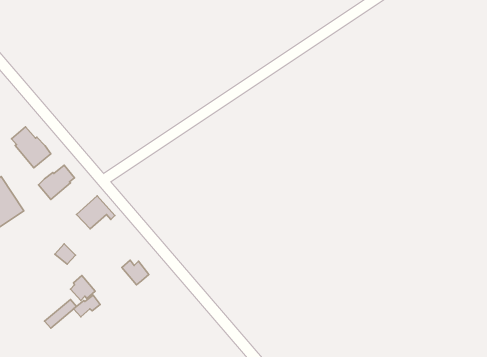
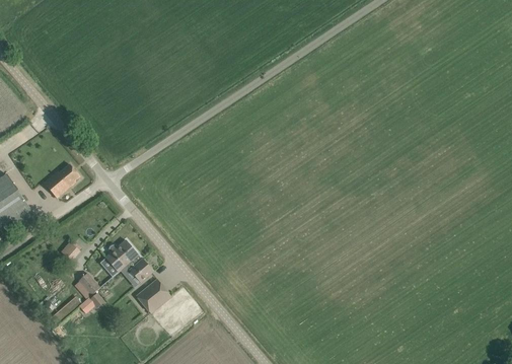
building: [11,127,51,168] -> none
building: [77,196,115,229] -> [104,238,142,271]
building: none -> [136,277,171,312]

